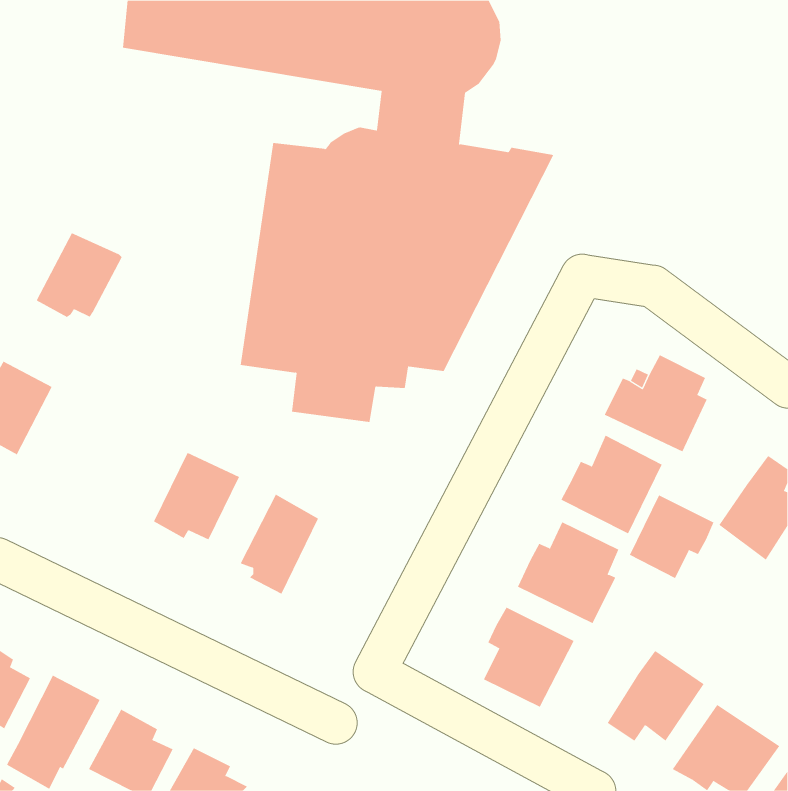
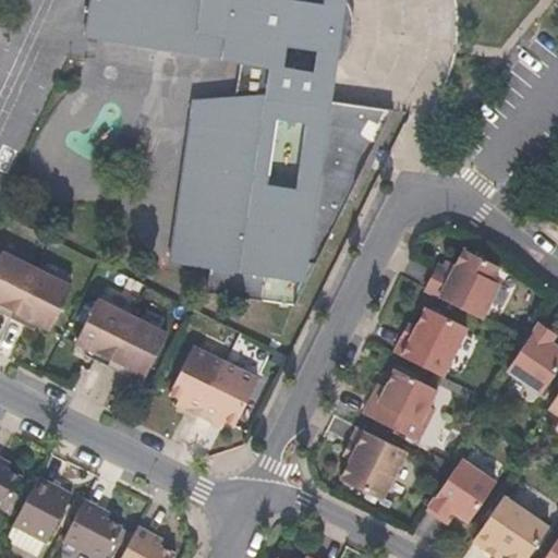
building: [36,232,123,318] -> [12,272,73,332]
building: none -> [75,300,132,367]
building: [629,494,714,579] -> none
building: none -> [198,365,258,430]

